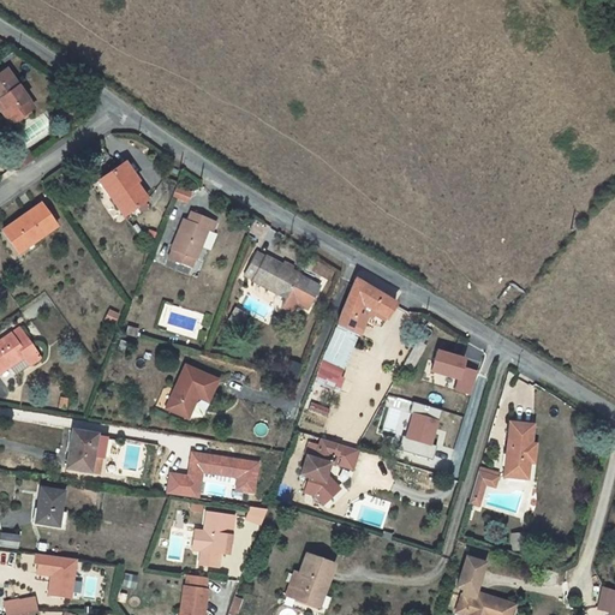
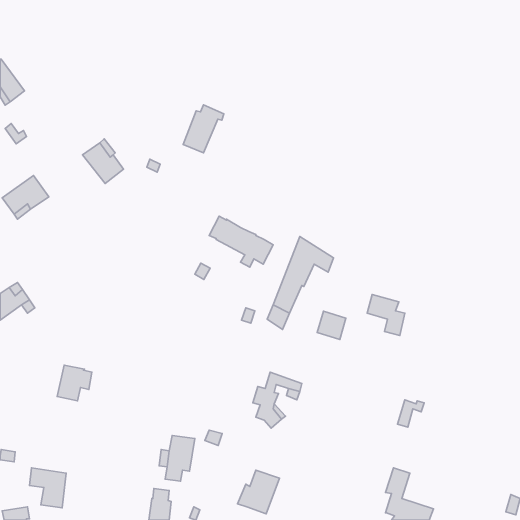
building: [168,213,216,269] -> [183,105,224,153]
building: [165,364,217,417] -> none
building: [406,411,440,444] -> [317,311,346,340]
building: [507,416,538,471] -> none
building: [167,449,263,497] -> none
building: [36,488,66,526] -> none

